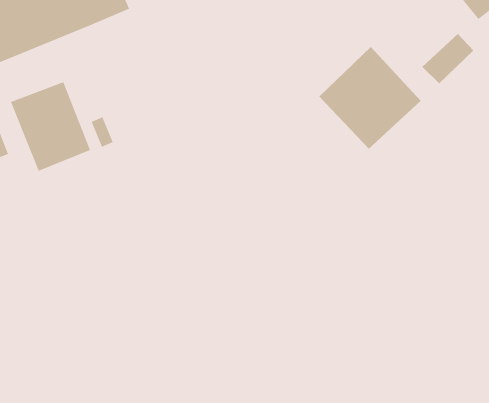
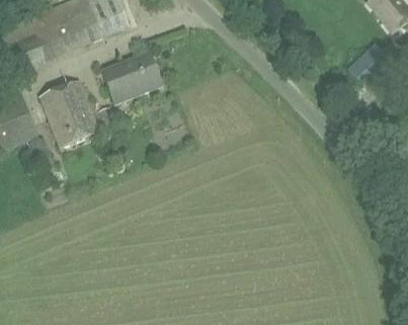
building: none -> [102,51,163,101]
building: [319,46,422,149] -> none

